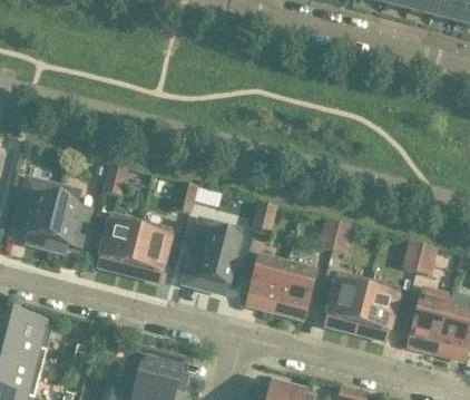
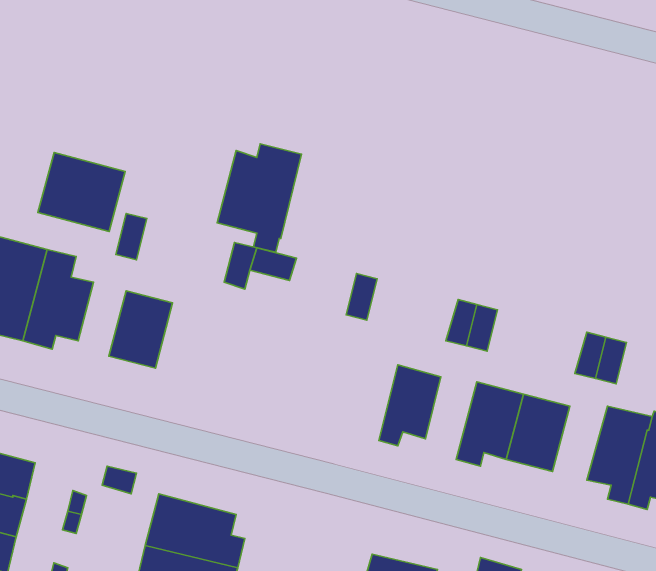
building: none -> [38,153,125,231]
building: [130,221,172,280] -> none
building: [186,222,241,292] -> [217,144,302,252]
building: [248,254,287,310] -> none

